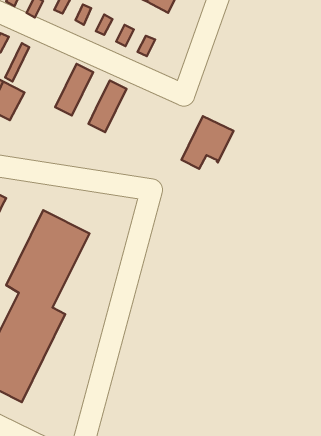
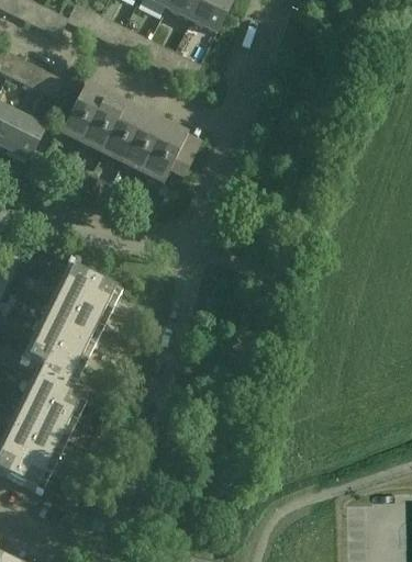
building: none -> [60,82,107,144]
building: none -> [101,102,146,164]
building: [182,116,233,169] -> [141,122,202,184]

